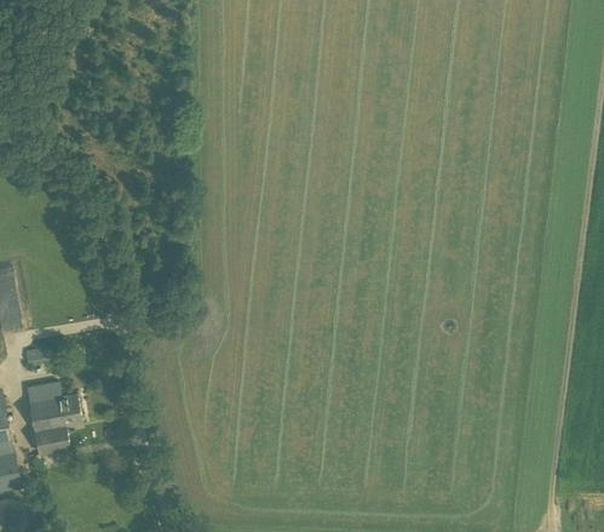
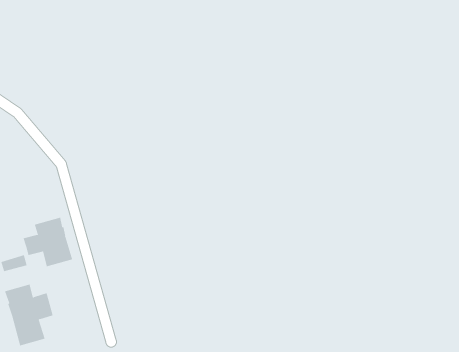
building: none -> [23,217,73,267]

